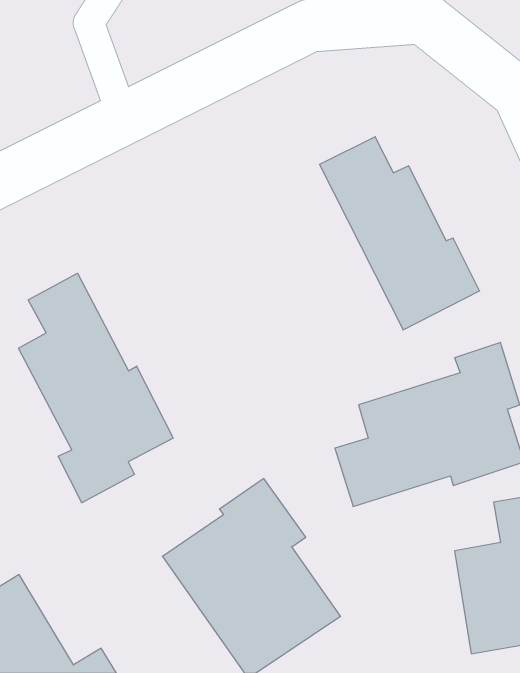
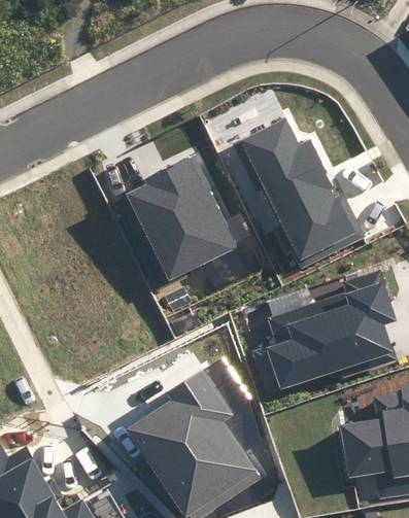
building: none -> [129,156,237,280]
building: [18,273,173,503] -> none

